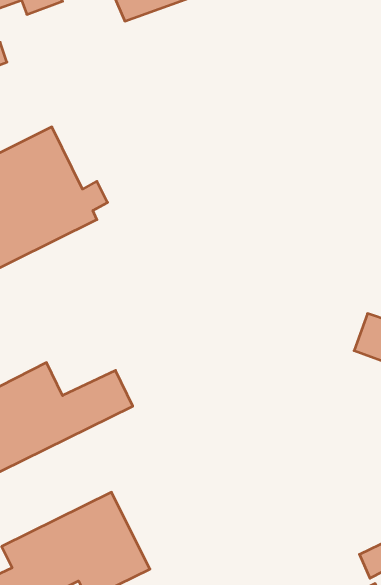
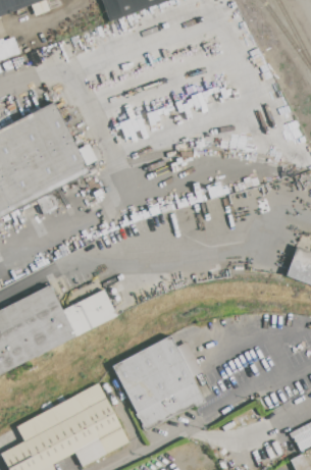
building: none -> [112,335,205,431]

